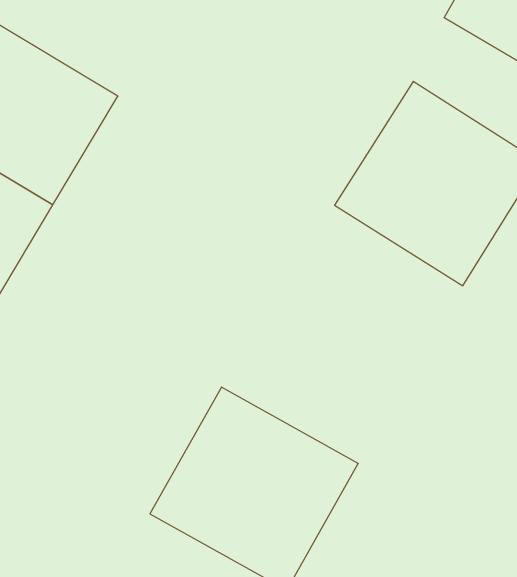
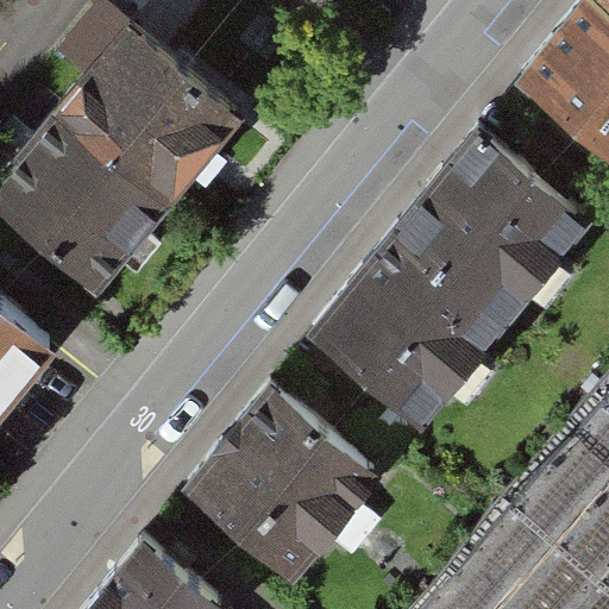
building: none -> [309,240,502,431]

